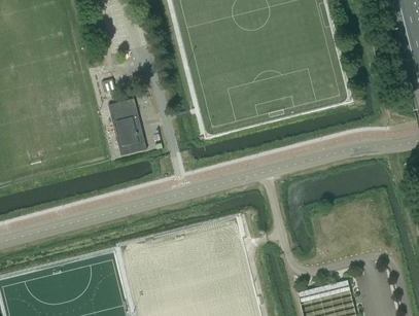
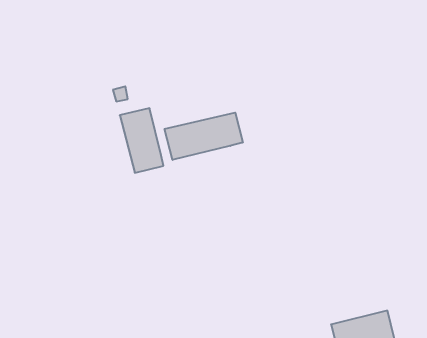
building: none -> [165,113,243,160]

